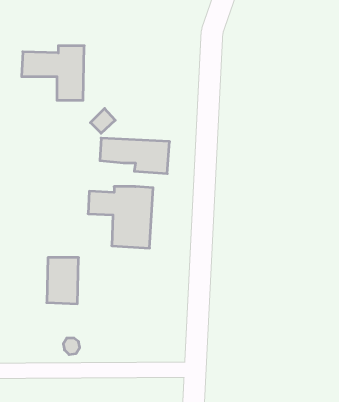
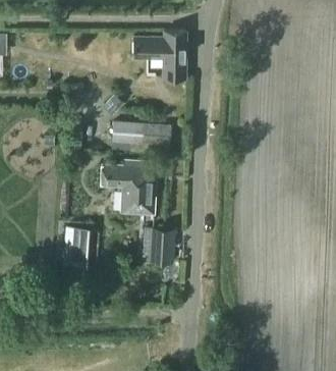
building: [22,46,84,100] -> [132,33,186,80]
building: none -> [143,230,174,264]

